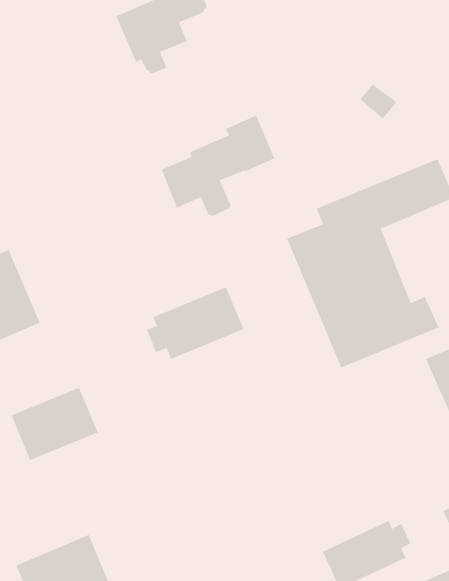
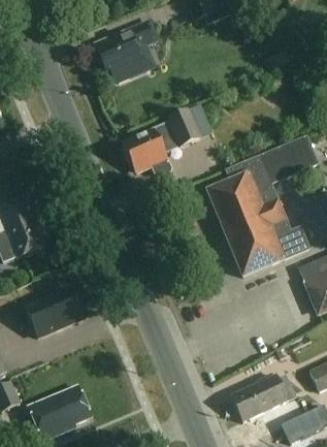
building: [146,286,244,360] -> none

